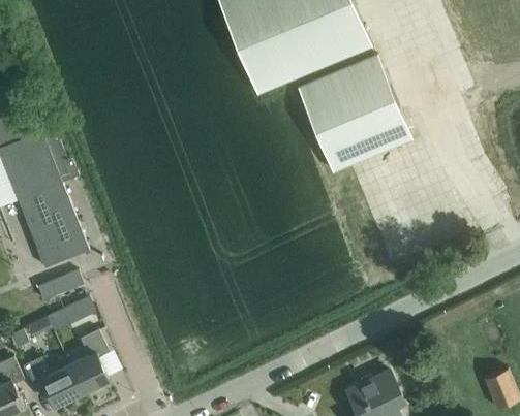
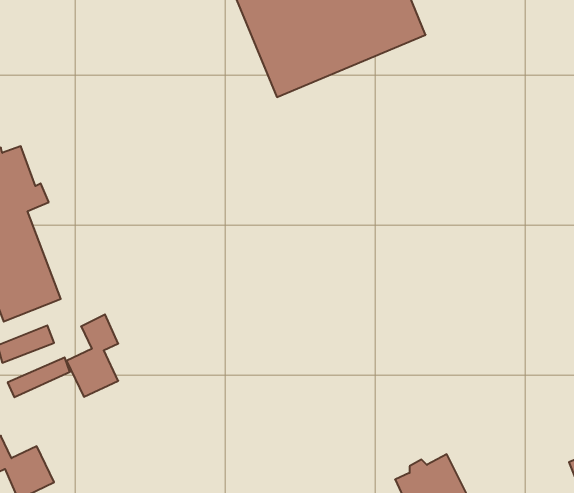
building: [298,56,411,172] -> none
building: [69,329,110,393] -> [67,314,118,397]

